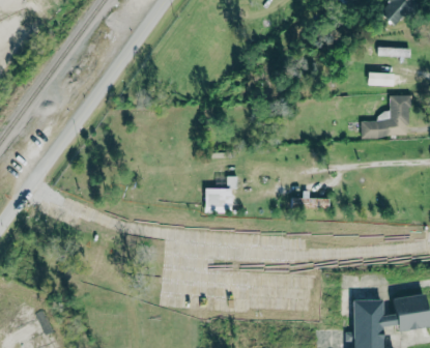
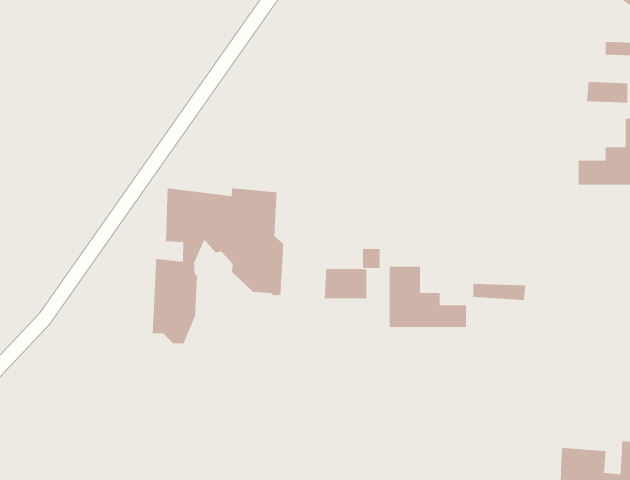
building: none -> [152,188,284,344]
building: none -> [389,266,467,328]

